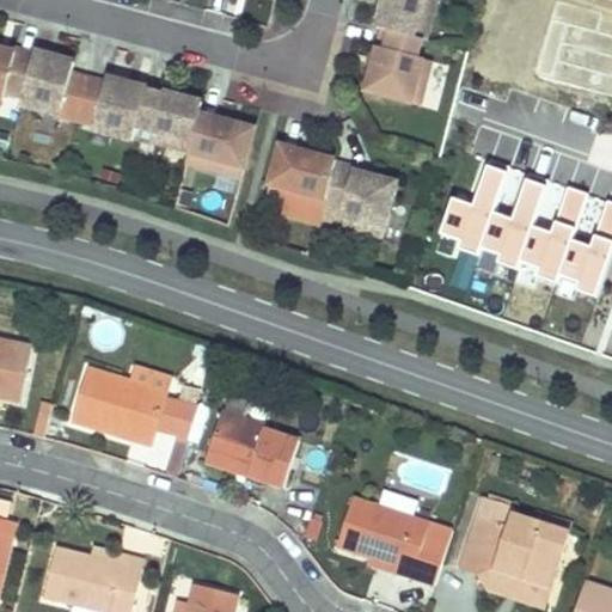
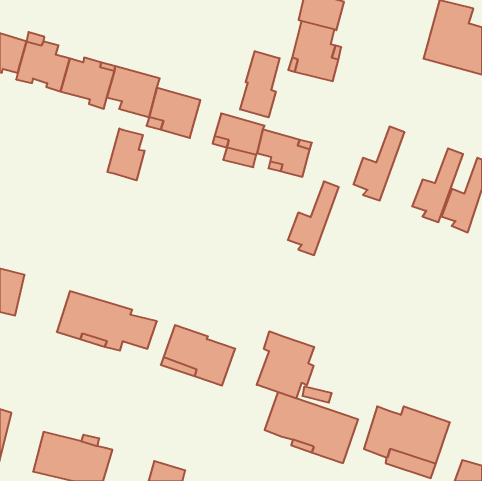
building: none -> [240,51,280,117]
building: none -> [107,128,145,180]
building: [484,173,549,267] -> [288,181,339,255]
building: none -> [257,331,314,398]

